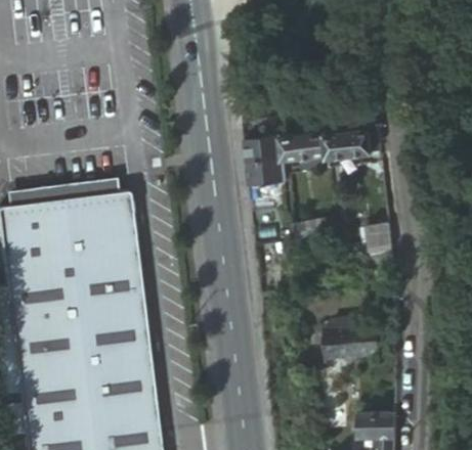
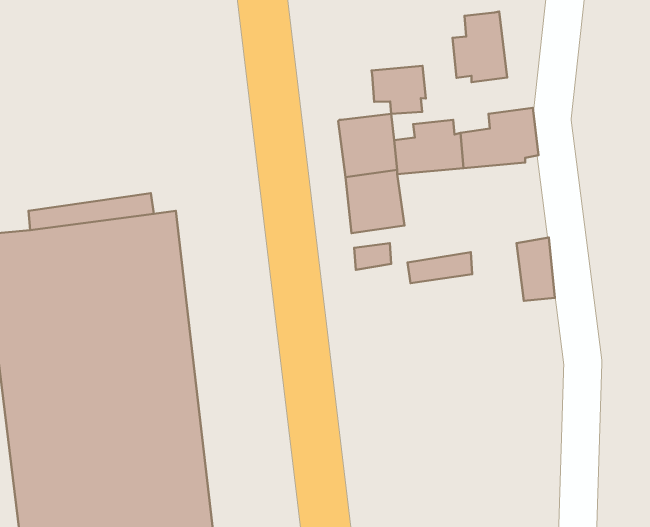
building: none -> [452,11,507,82]
building: none -> [371,66,426,114]
building: [321,325,380,361] -> none

